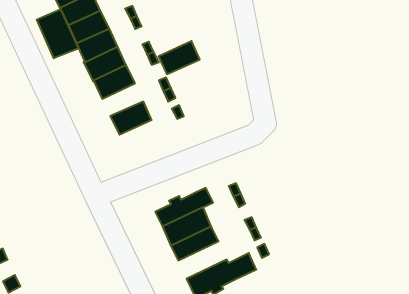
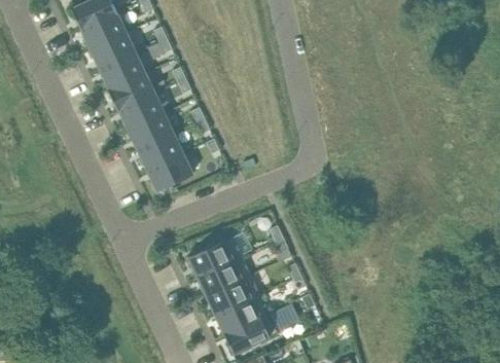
building: [37,9,78,58] -> none
building: [158,41,200,74] -> [128,113,174,150]
building: none -> [147,154,192,191]
building: none -> [213,290,267,332]

